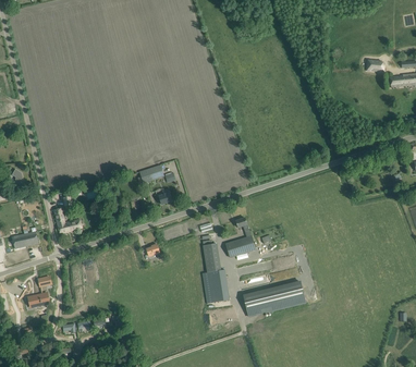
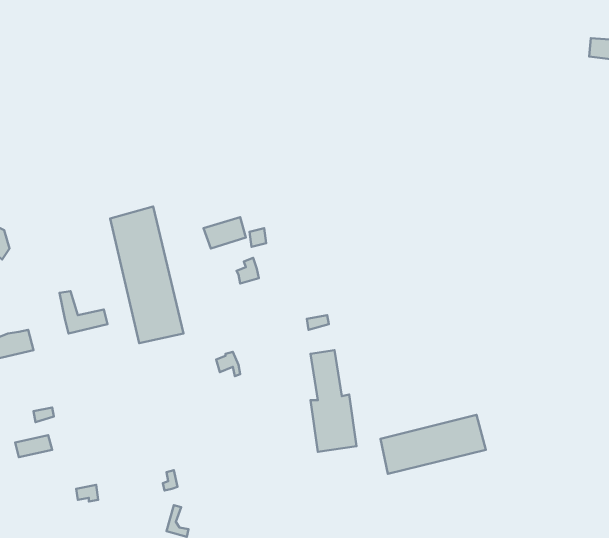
building: none -> [110,207,183,343]
building: [224,217,255,257] -> none

